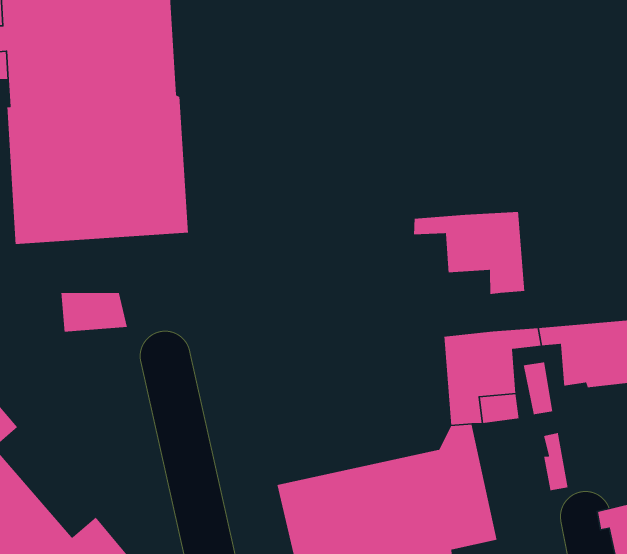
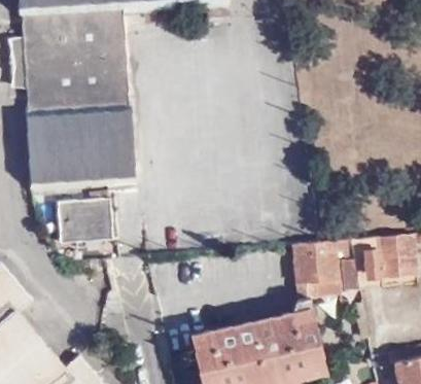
building: [413,211,525,295] -> none
building: none -> [57,197,113,239]

